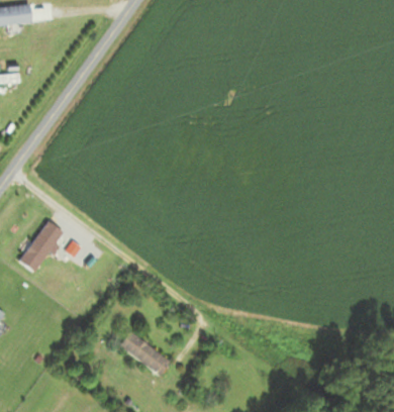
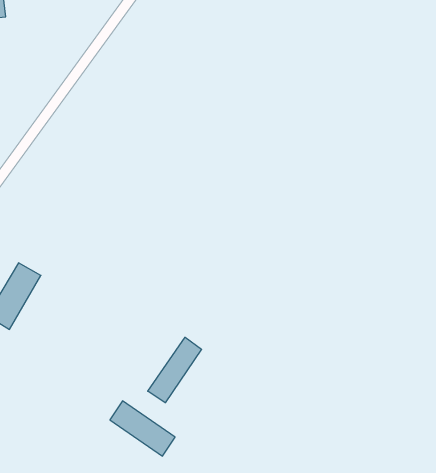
building: none -> [148,337,202,403]

